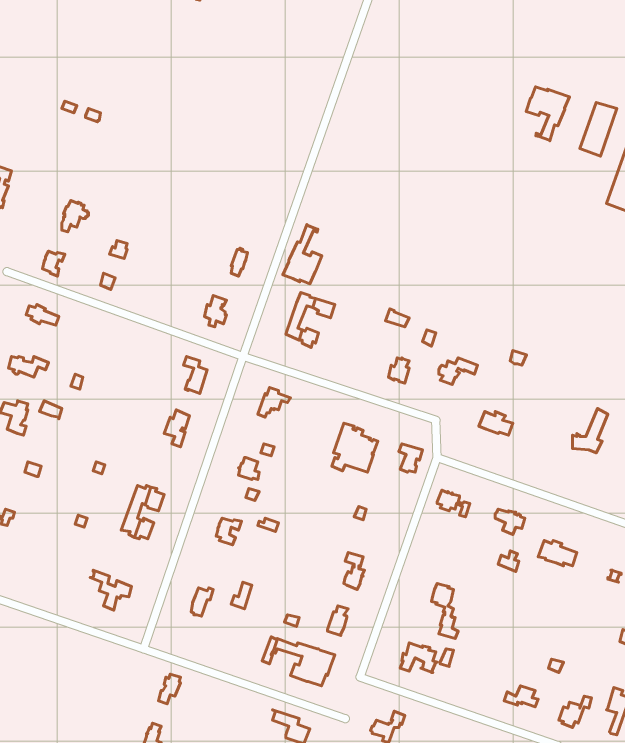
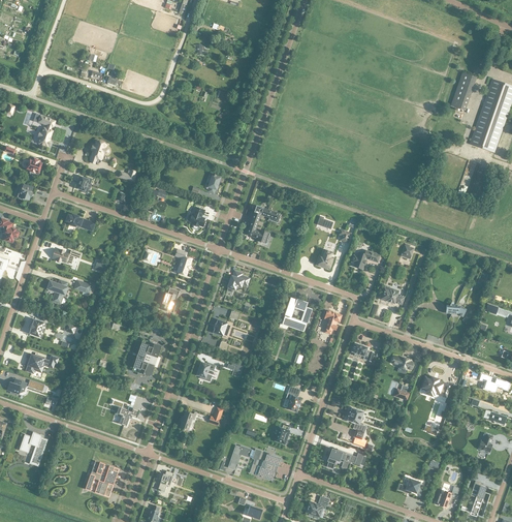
building: [526,87,569,141] -> none
building: [283,225,322,284] -> none
building: none -> [85,460,119,496]

